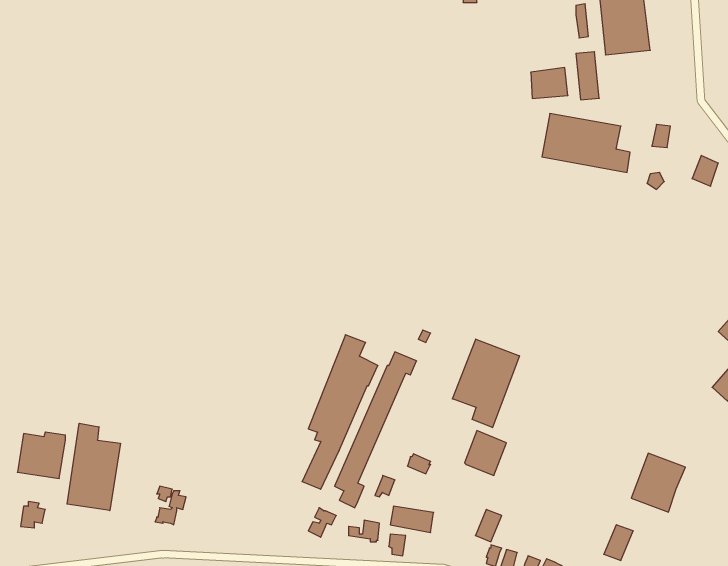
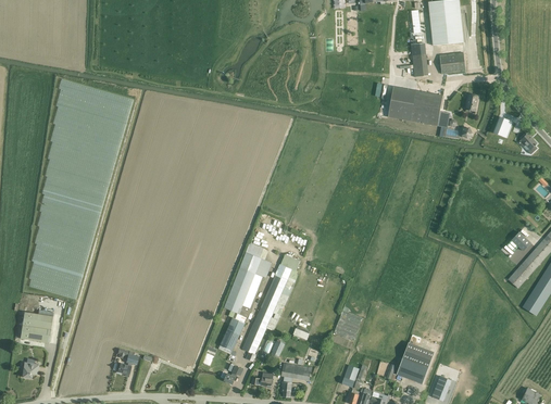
building: [531,68,568,98] -> [440,51,466,73]
building: [452,339,519,428] -> none
building: [67,423,120,511] -> none
building: [631,453,685,512] -> [397,341,435,382]

